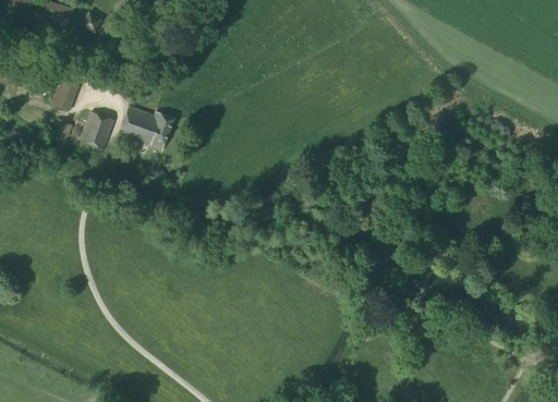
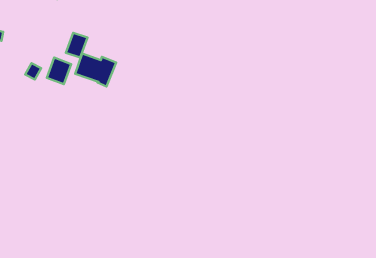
building: [51,76,81,110] -> [66,33,88,58]

